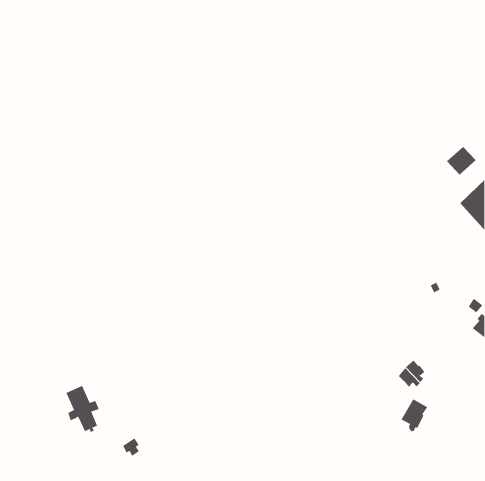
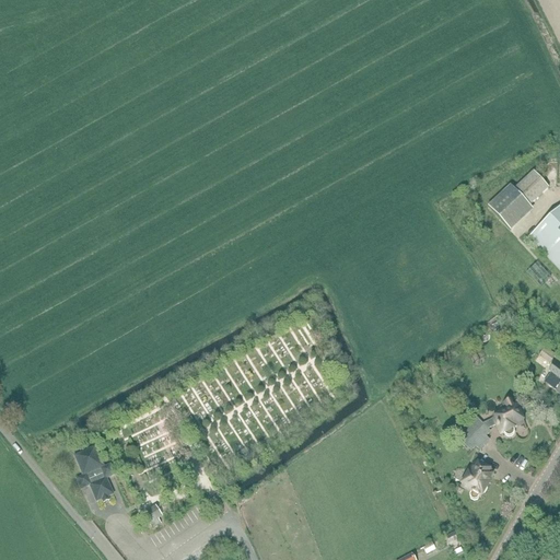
building: none -> [488,183,534,229]
building: none -> [482,397,524,433]

